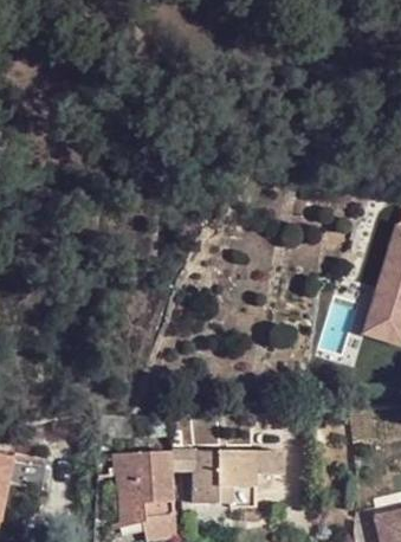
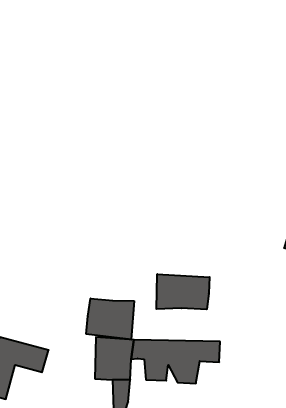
building: none -> [156,274,210,309]
building: none -> [86,298,134,340]

